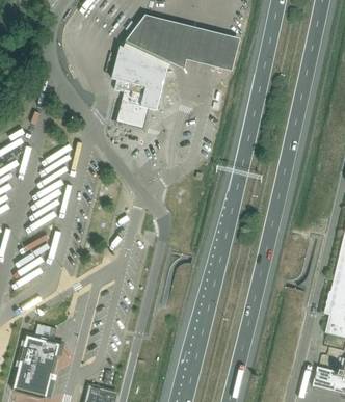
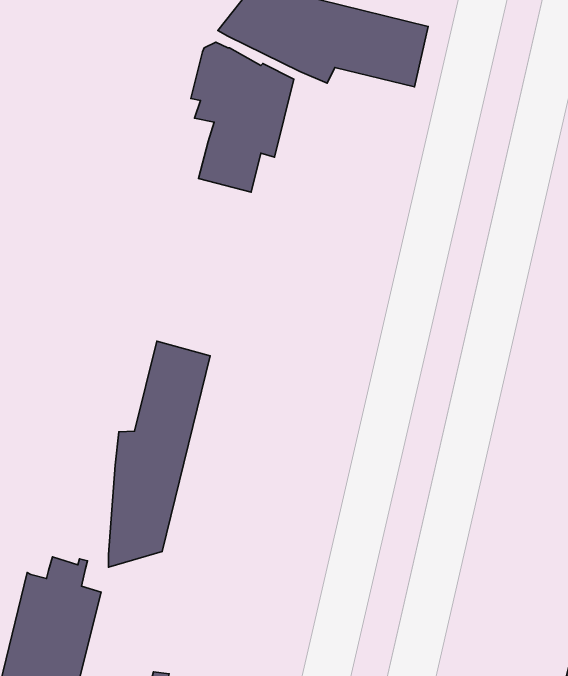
building: none -> [108,341,210,567]

